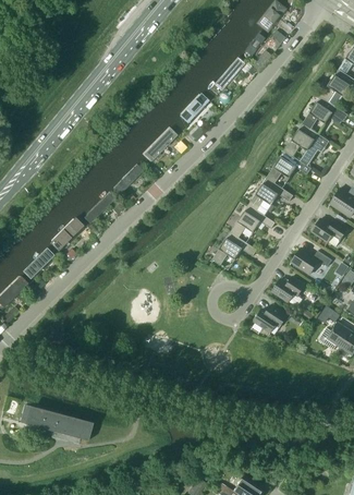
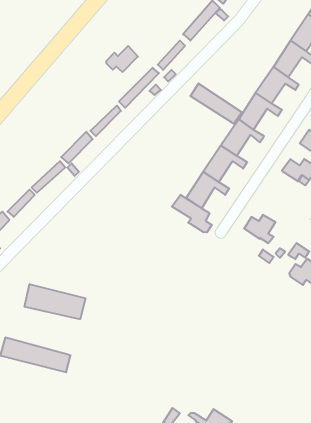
building: none -> [106,46,138,72]
building: none -> [191,83,242,124]
building: [291,247,331,274] -> none
building: none -> [172,195,212,232]
building: [248,304,286,336] -> none
building: none -> [24,284,86,319]

